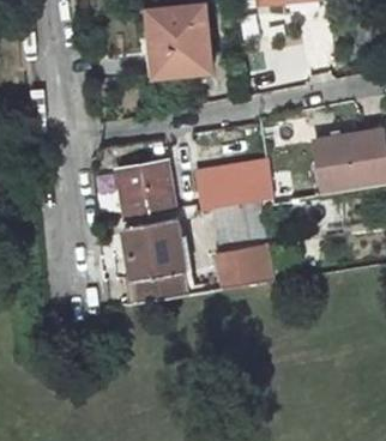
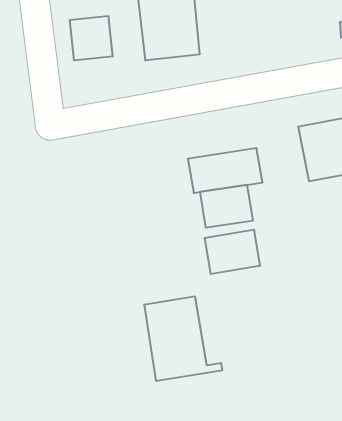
building: none -> [70,16,113,61]
building: [117,161,170,215] -> none
building: [123,217,203,302] -> [144,297,222,381]

